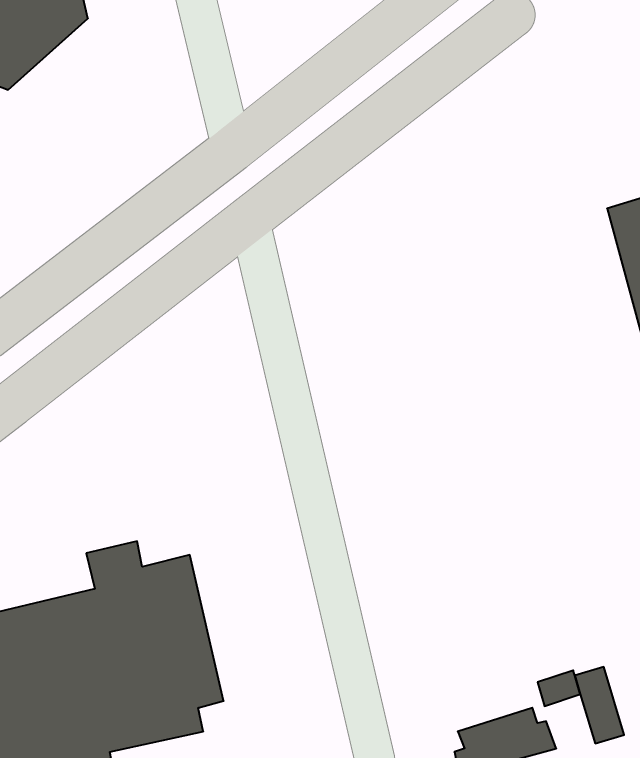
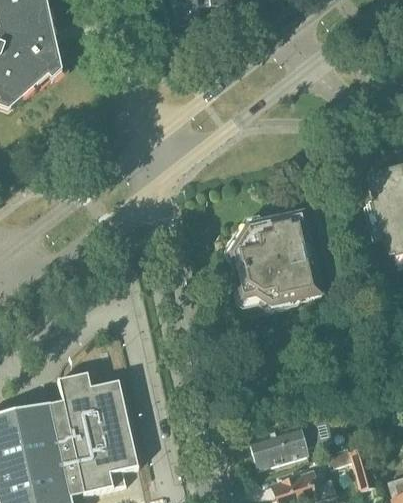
building: none -> [229,213,320,307]
building: none -> [248,417,330,469]

